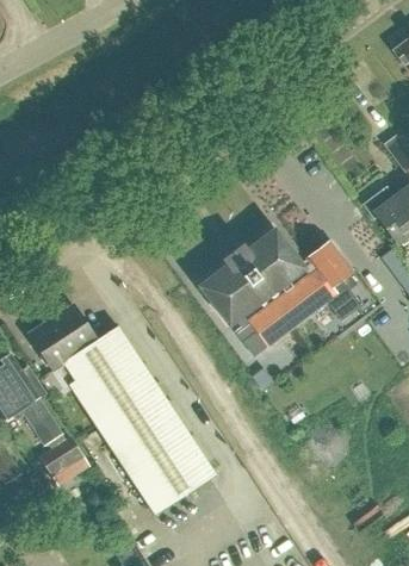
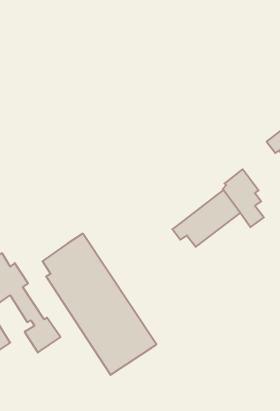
building: [198,226,305,324] -> none
building: [29,303,98,369] -> none

